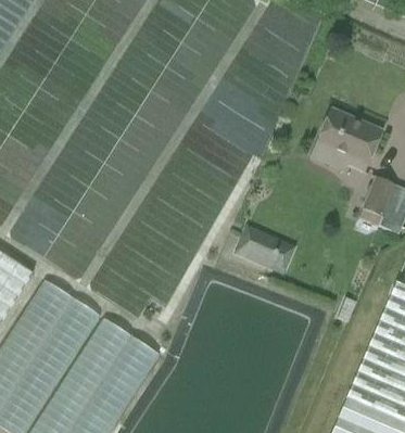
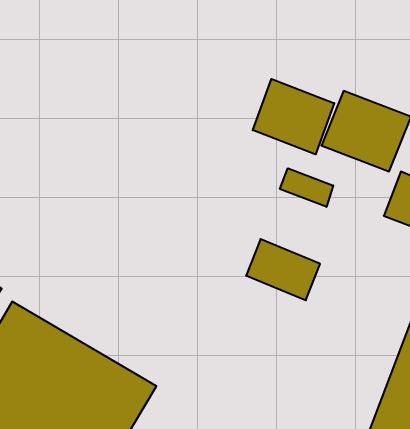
building: none -> [253,79,334,154]
building: none -> [280,168,333,207]

